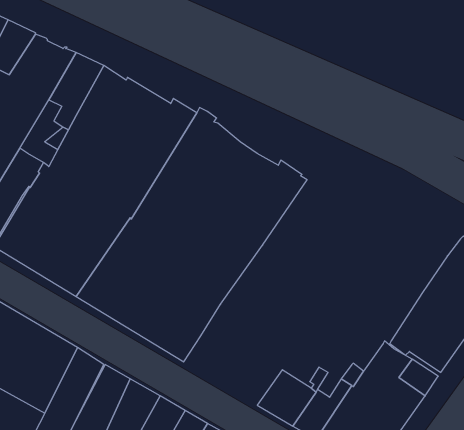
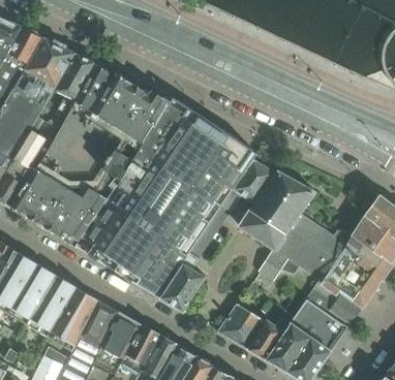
building: none -> [221,163,347,281]
building: none -> [159,252,205,311]

